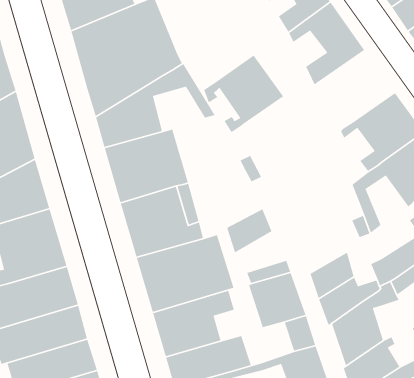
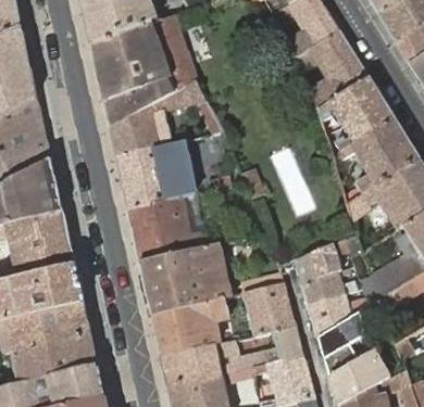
building: [203,55,284,133] -> [319,78,395,151]
building: [226,208,272,254] -> [297,244,340,285]

